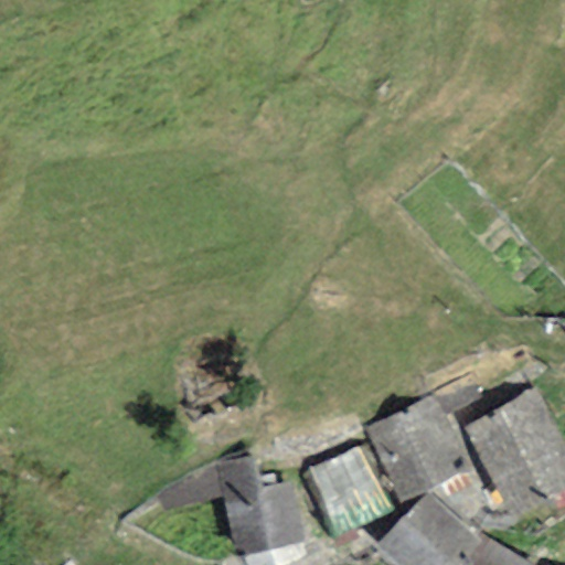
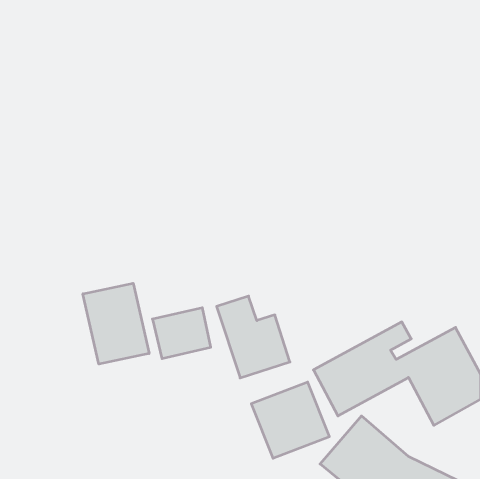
building: none -> [83,283,149,364]
building: [215,460,301,556] -> [217,296,290,378]

